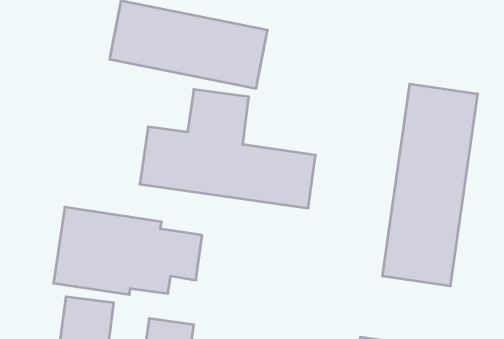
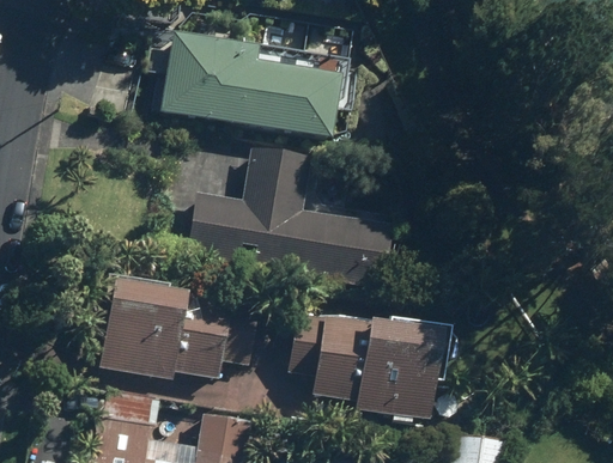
building: [383,84,478,286] -> none
building: none -> [286,311,453,424]

